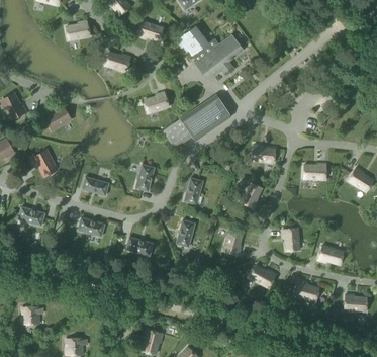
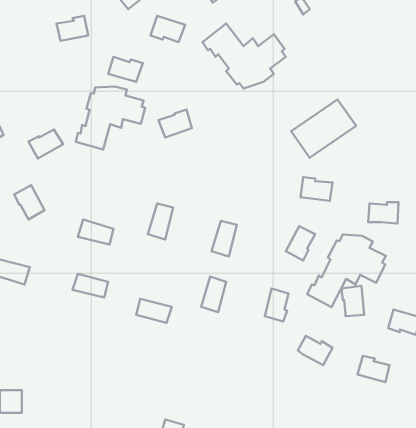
building: none -> [76,86,145,150]
building: [180,94,229,139] -> [291,99,356,158]
building: none -> [307,235,386,307]

